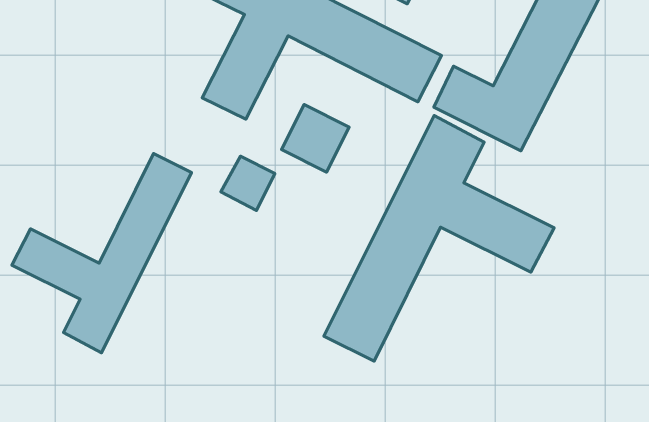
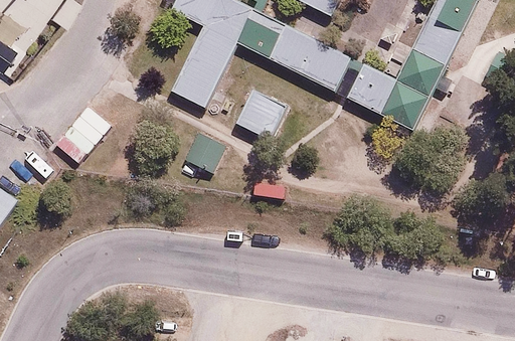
building: [324,115,554,361] -> none
building: [12,154,192,353] -> none

